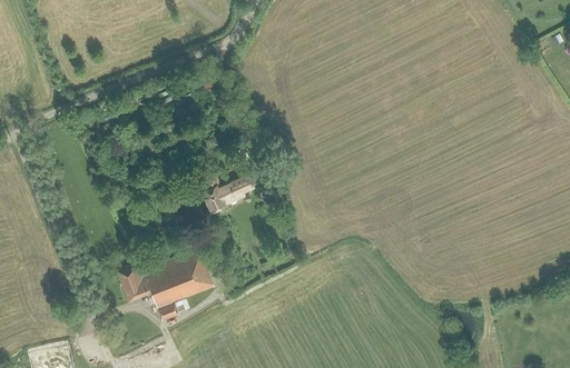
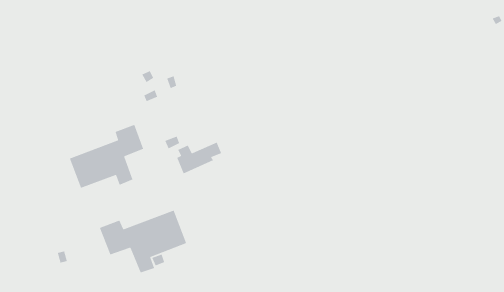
building: none -> [69,124,144,189]

